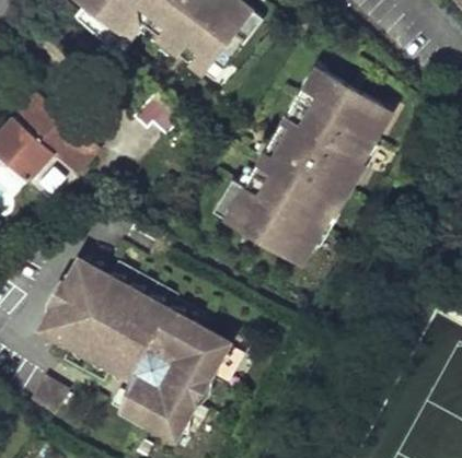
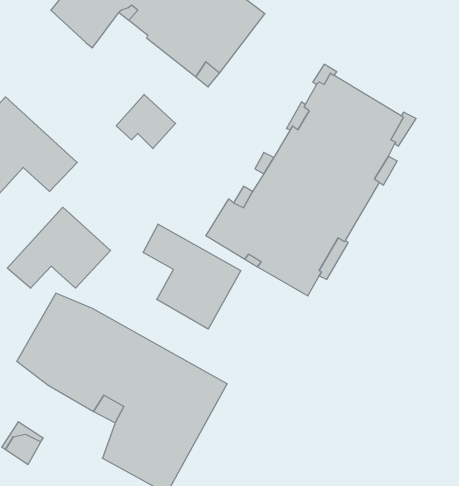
building: none -> [7,207,111,288]
building: none -> [143,224,241,329]

